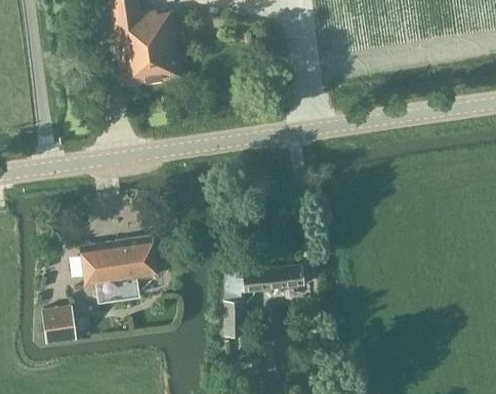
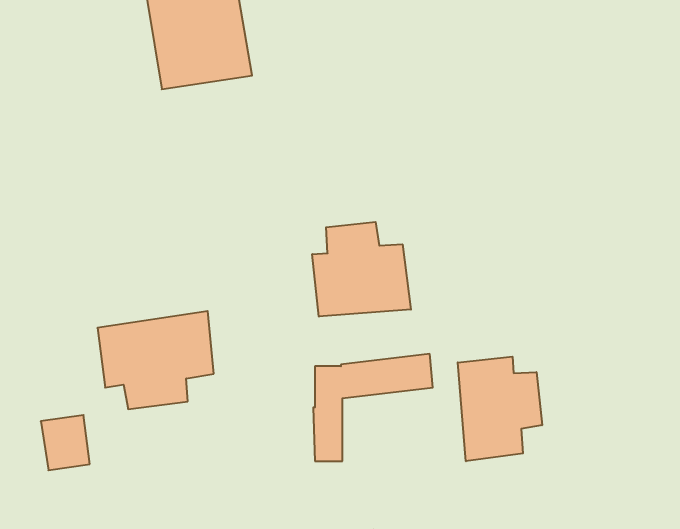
building: none -> [312,222,411,317]
building: none -> [458,357,542,461]

